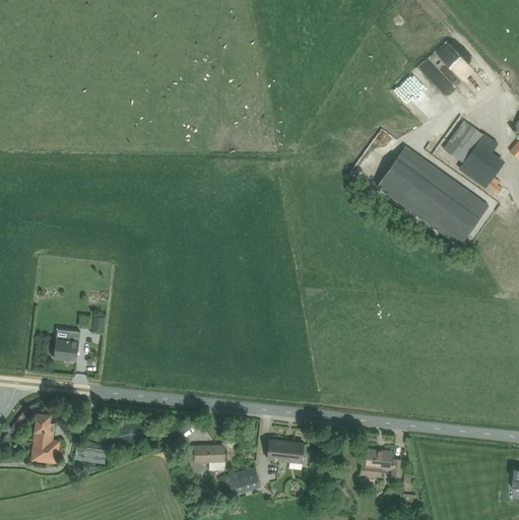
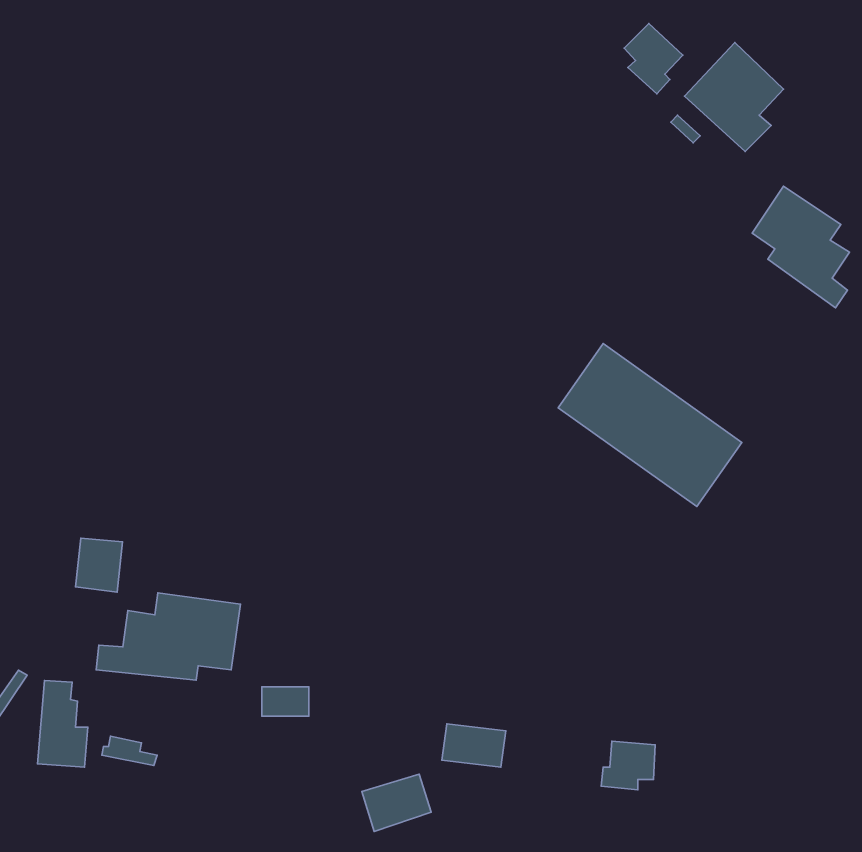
building: none -> [624,23,683,94]
building: [382,148,490,244] -> [558,344,742,507]
building: none -> [96,593,240,680]
building: [191,445,218,462] -> [262,687,309,716]

